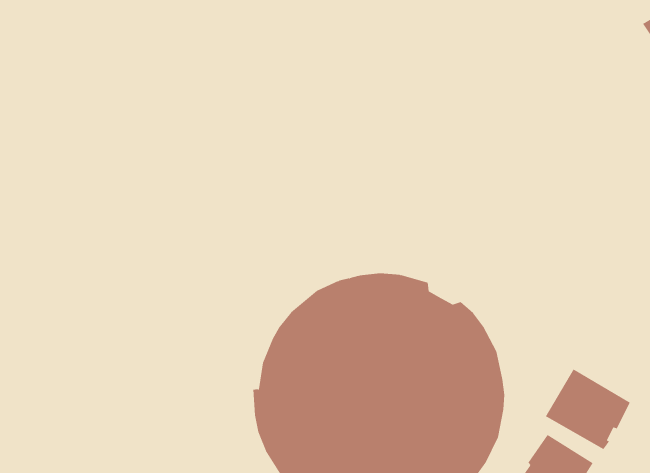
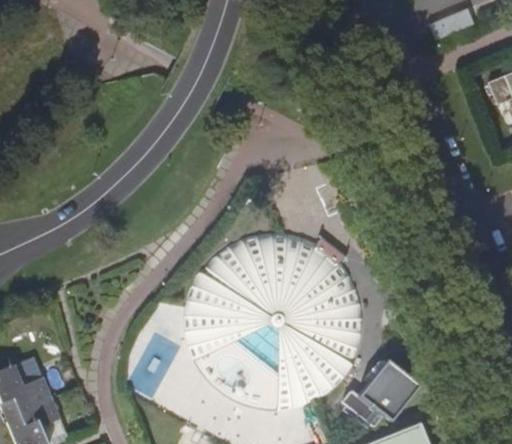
building: [545,369,631,450] -> none

